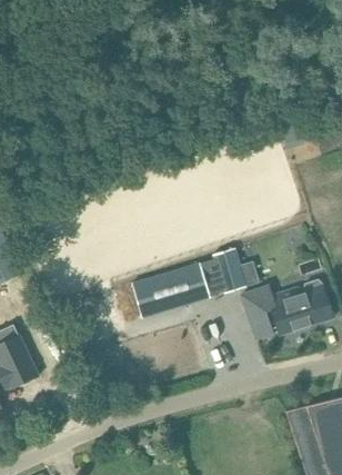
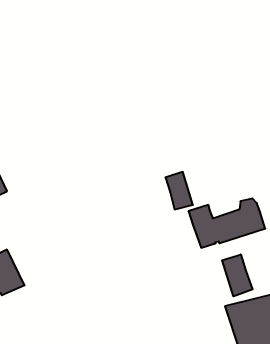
building: [132,261,210,316] -> none
building: none -> [222,254,253,296]

